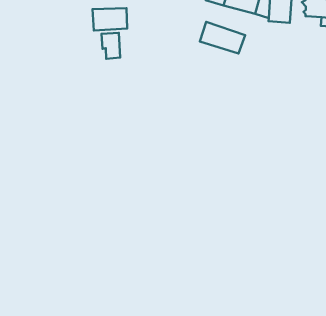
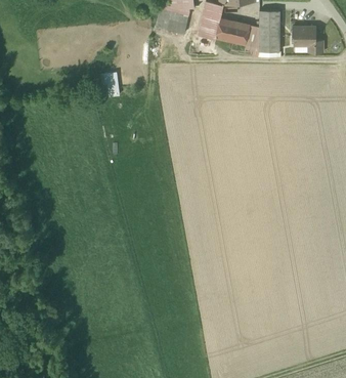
building: [93,8,127,31] -> none
building: [200,22,245,53] -> none

